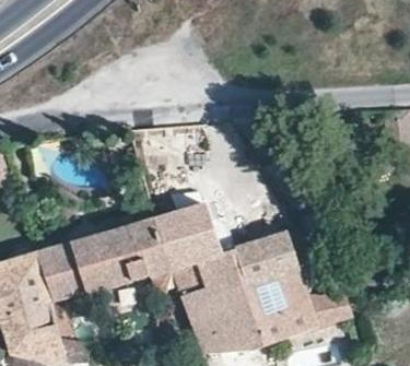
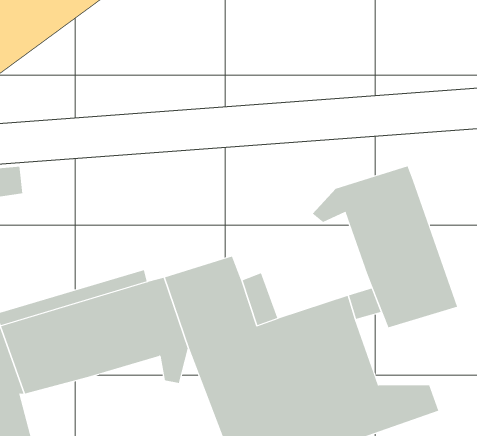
building: none -> [312,165,458,328]

